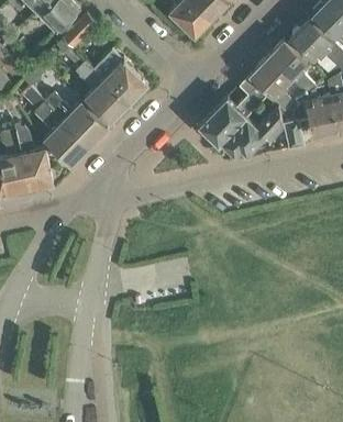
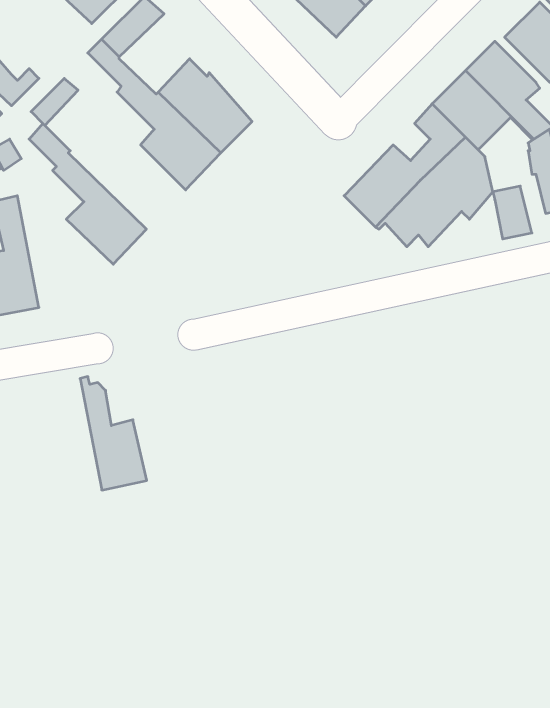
building: [44,93,107,146] -> none
building: [15,126,53,190] -> [80,377,147,490]

